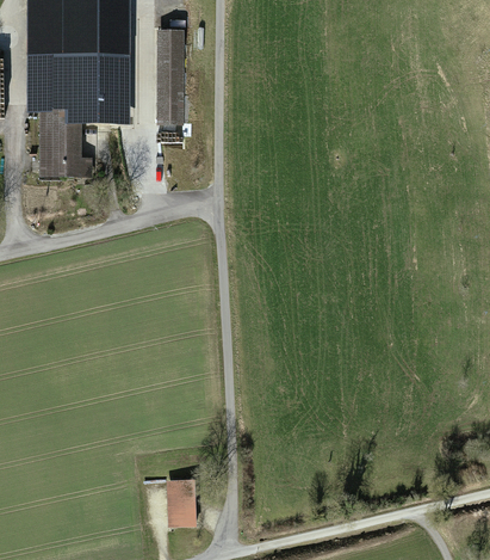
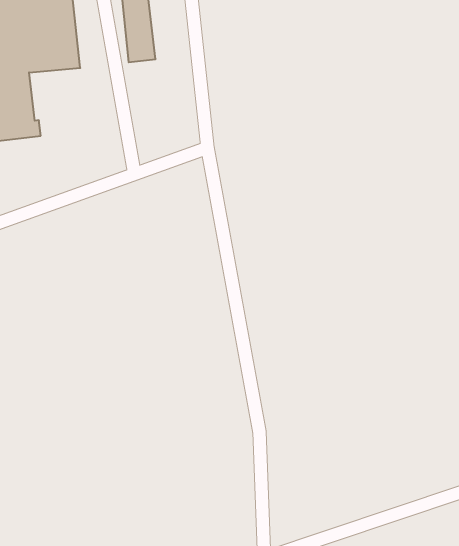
building: [167,479,193,524] -> none

